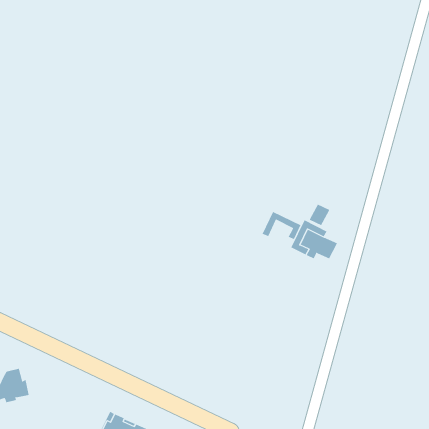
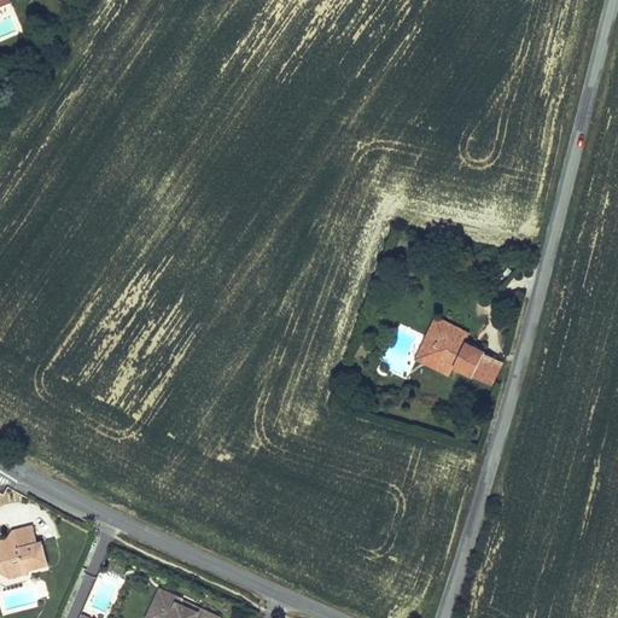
building: [309,204,330,226] -> [471,351,501,383]
building: [262,211,301,240] -> none

